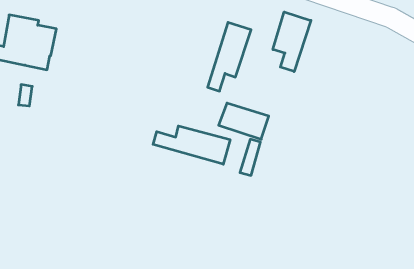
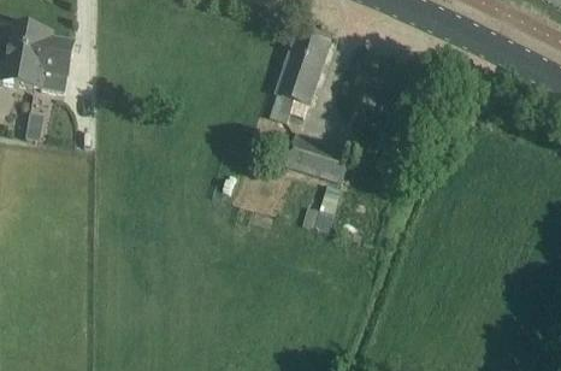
building: [273,12,311,72] -> none
building: [153,126,230,164] -> none

